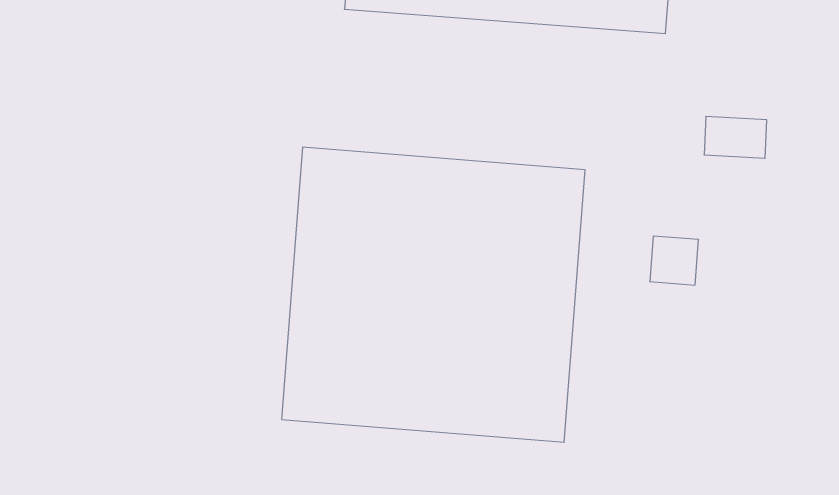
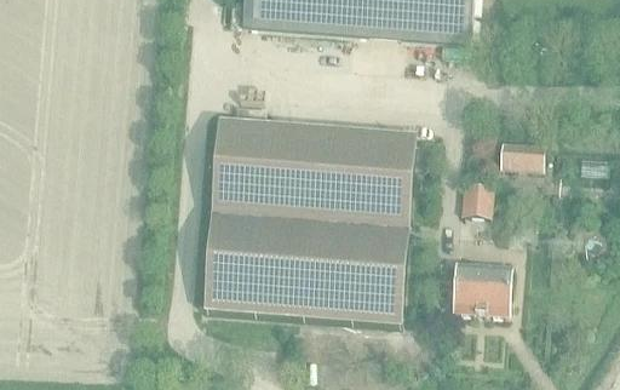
building: [704,116,767,158] -> [499,139,542,168]
building: none -> [437,260,510,314]

